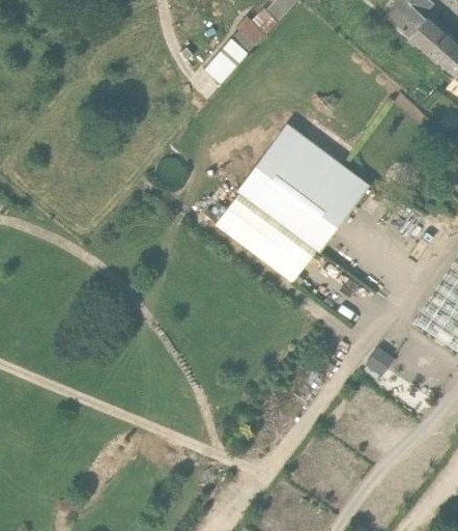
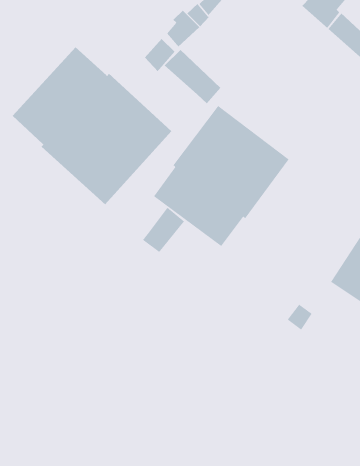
building: none -> [12,47,172,205]
building: none -> [164,49,221,104]
building: none -> [142,207,185,253]

